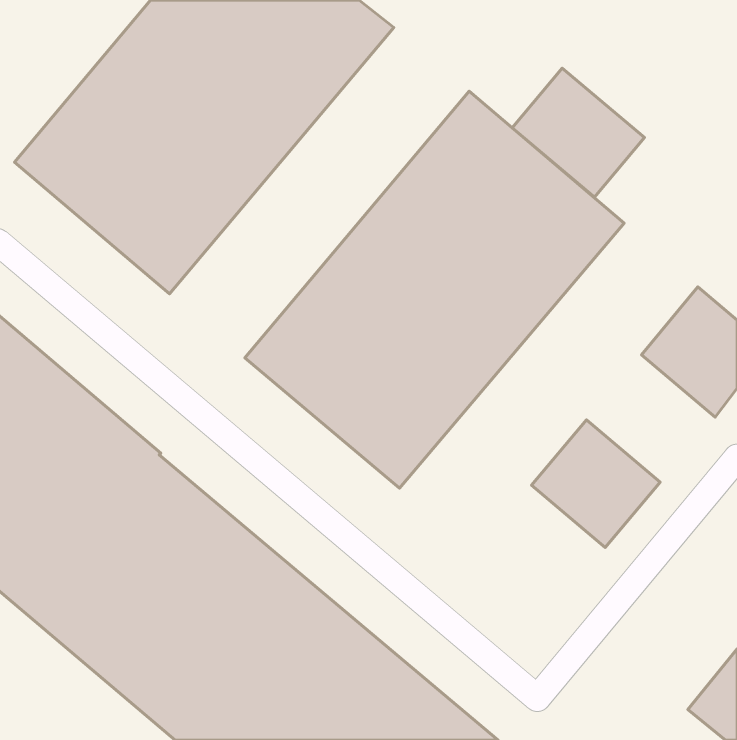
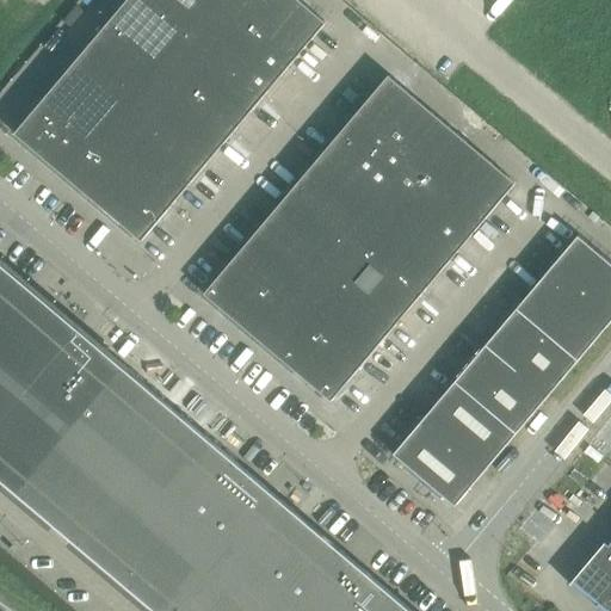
building: [512,68,645,197] -> none
building: none -> [483,292,590,397]
building: none -> [391,400,499,506]

